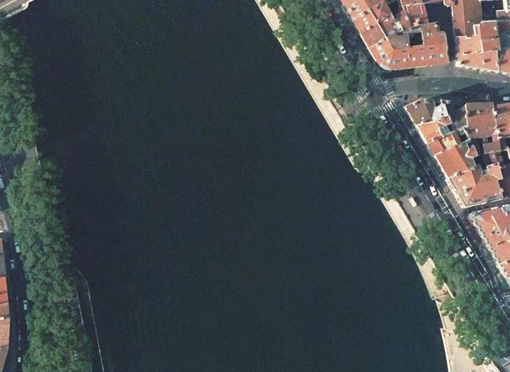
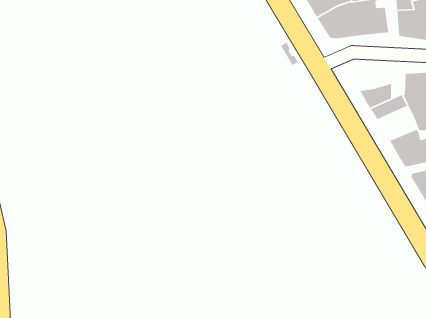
building: [405,100,464,132] -> none
building: [434,140,478,177] -> none

